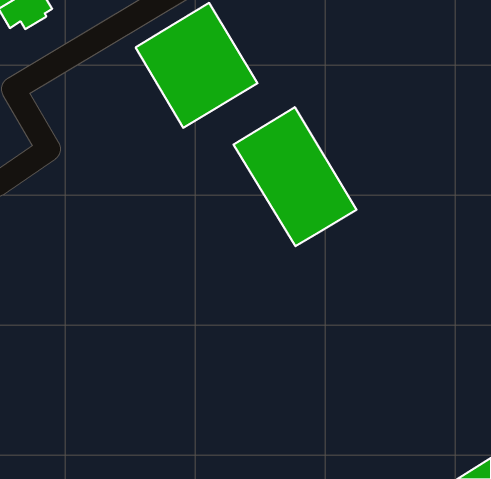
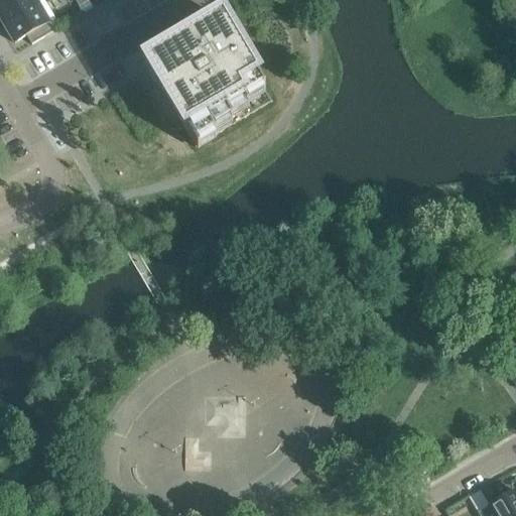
building: [233,107,357,246] -> none

